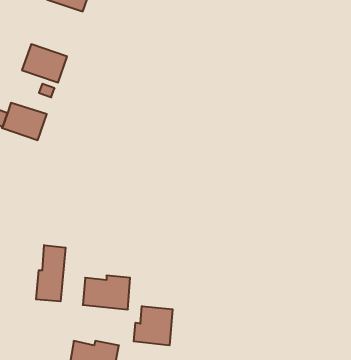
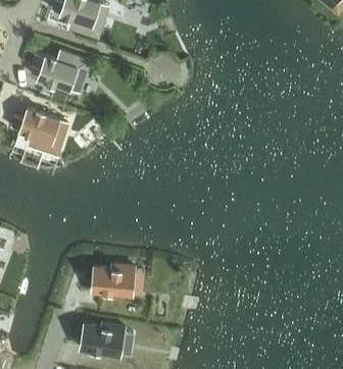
building: [36,245,66,301] -> none
building: [134,306,173,345] -> none

